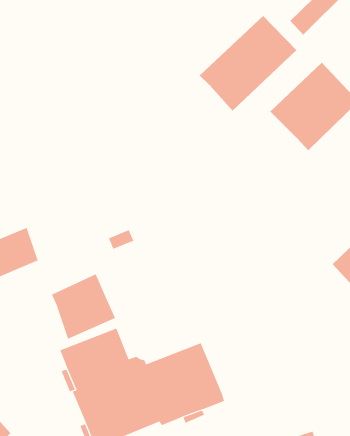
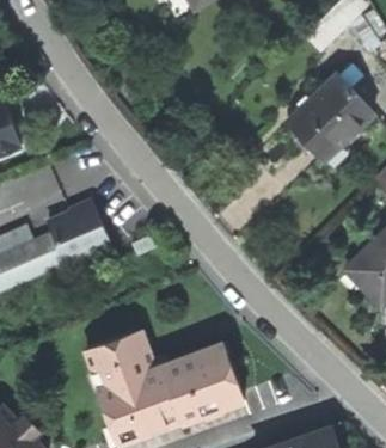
building: [199,15,297,112] -> none
building: [51,273,116,339] -> [49,202,111,265]

